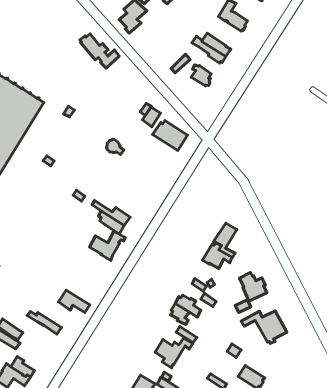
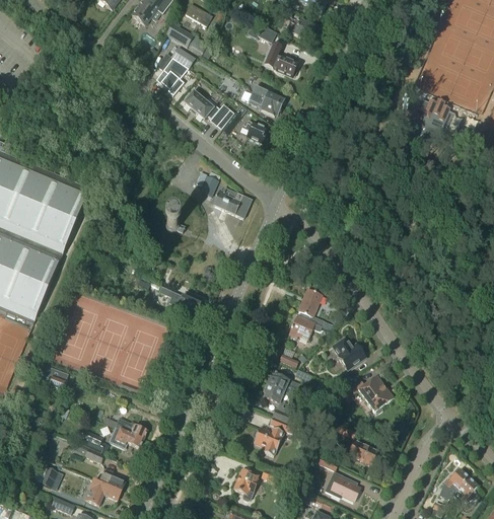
building: [80,34,119,68] -> [183,90,228,125]
building: [90,231,125,260] -> none
building: [59,290,90,313] -> [113,428,147,449]

